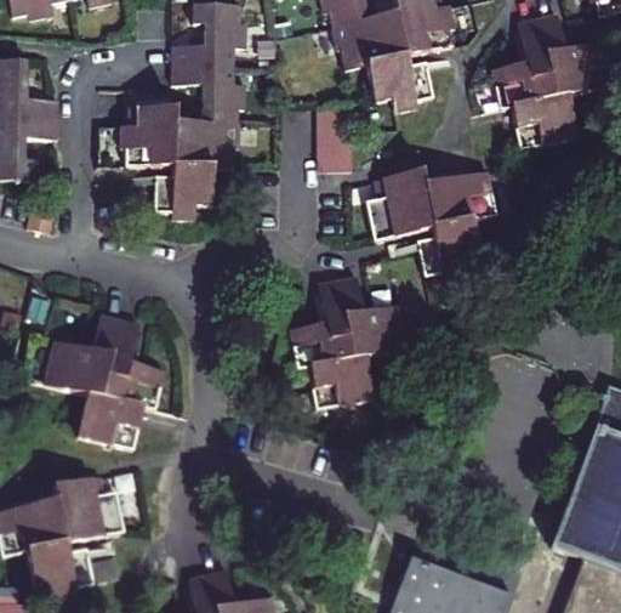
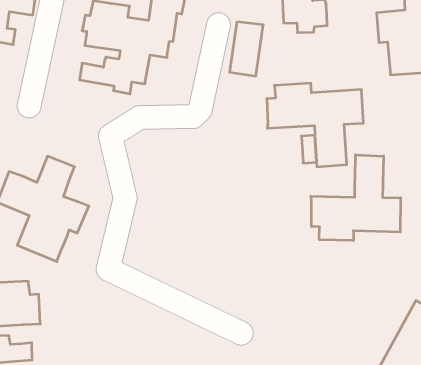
building: none -> [311,155,401,241]
building: [289,277,406,407] -> none

